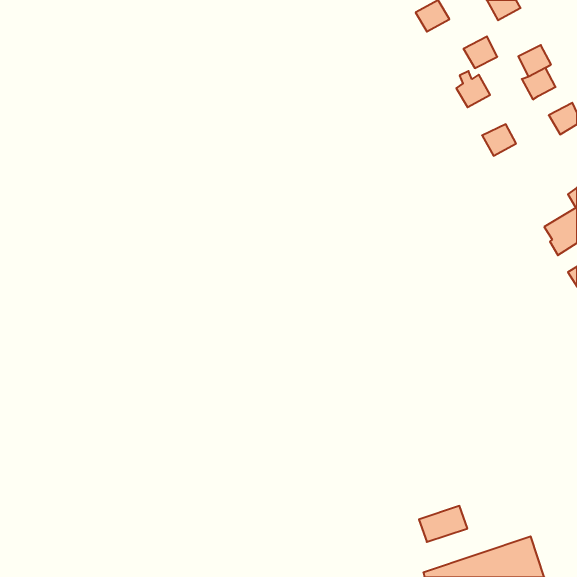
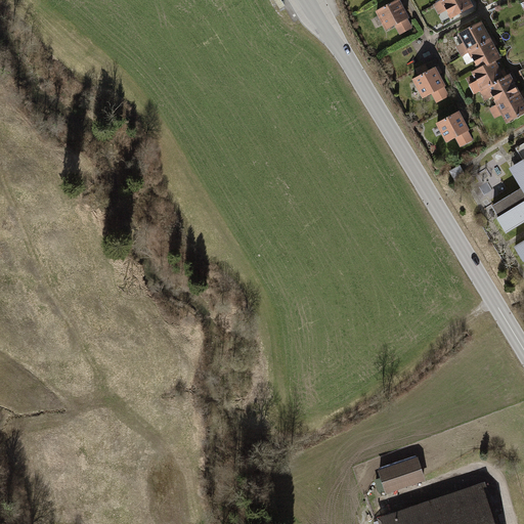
building: [463,36,497,68] -> [460,23,490,51]
building: none -> [488,76,519,104]

